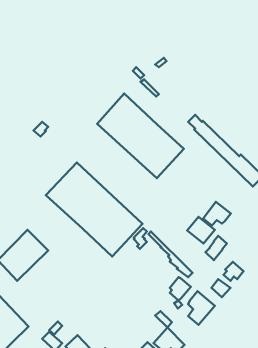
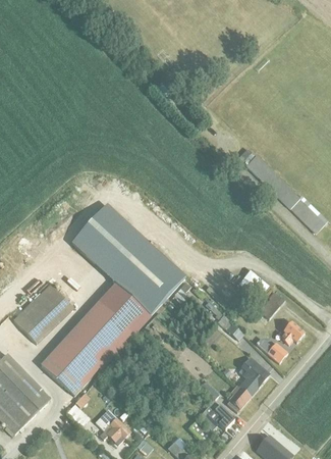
building: [97,94,184,178] -> none
building: [203,202,231,226] -> none
building: none -> [40,283,151,396]
building: [170,277,191,301] -> [226,385,251,412]

